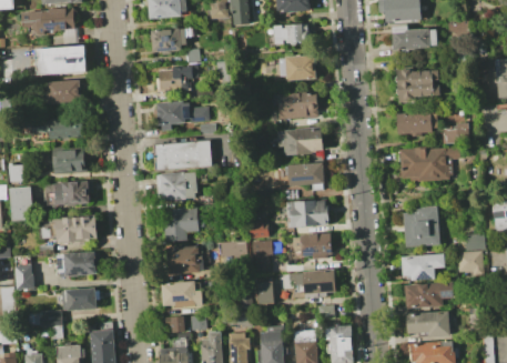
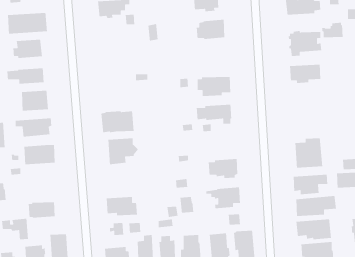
building: [155,64,194,90] -> none
building: [277,91,317,119] -> none
building: [155,101,209,131] -> none
building: [443,122,471,143] -> [321,22,344,38]
building: [153,141,214,171] -> none
building: [399,145,448,182] -> none
building: [285,199,327,228] -> none
building: [166,246,203,274] -> none
building: [55,252,98,276] -> none

